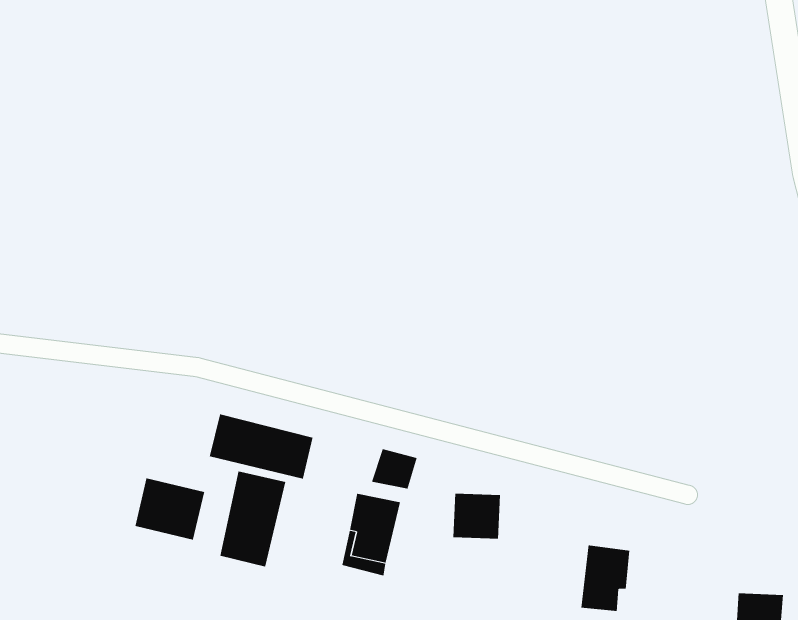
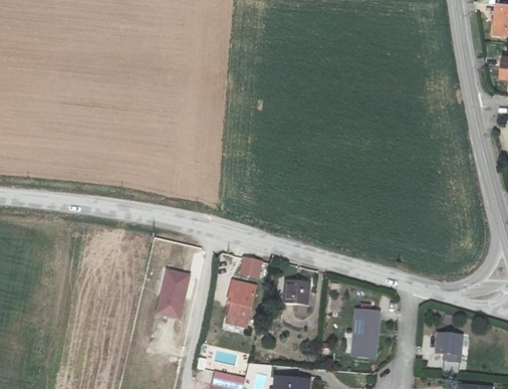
building: [209,413,313,479] -> none
building: [135,477,205,540] -> none

